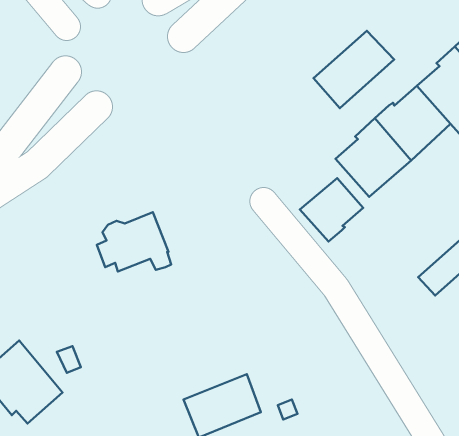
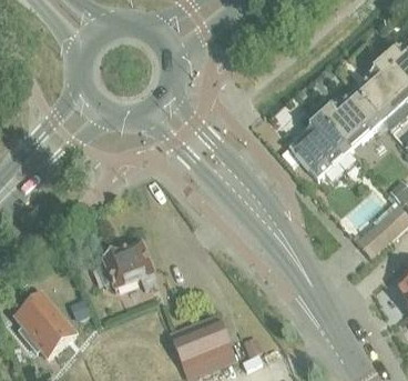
building: [313,31,394,108] -> none
building: [300,178,363,242] -> none
building: [97,212,171,271] -> [98,241,156,288]

